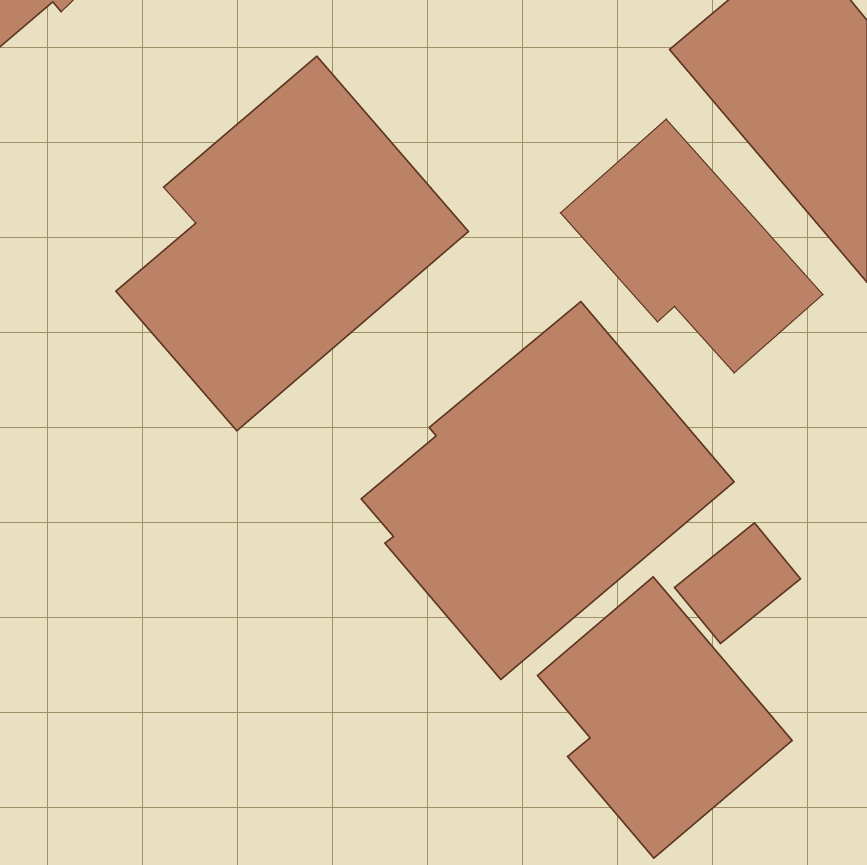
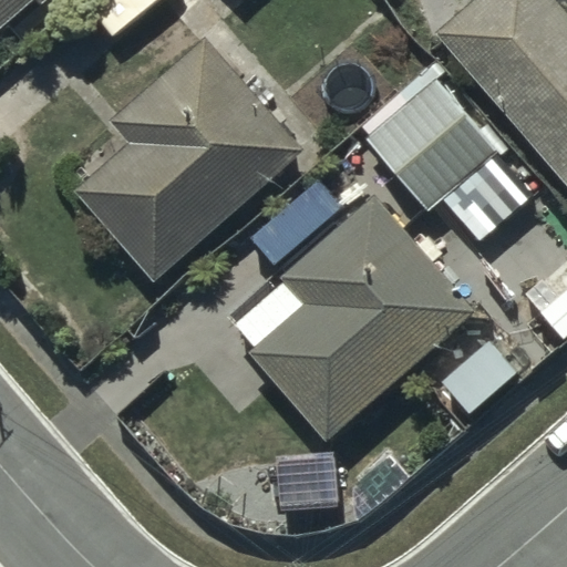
building: [538,577,792,858] -> none

